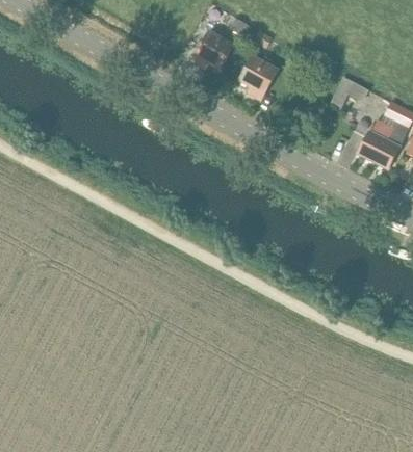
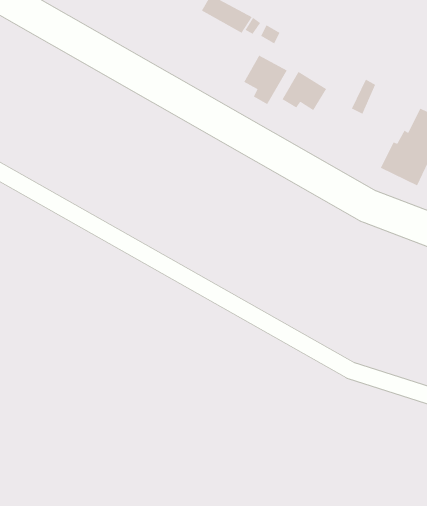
building: [192,30,233,68] -> none
building: none -> [282,71,327,111]

